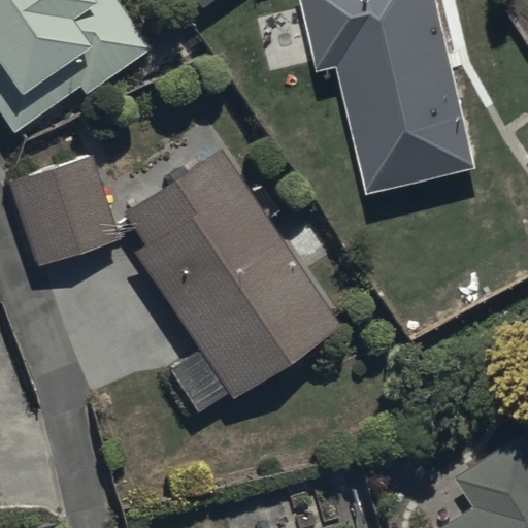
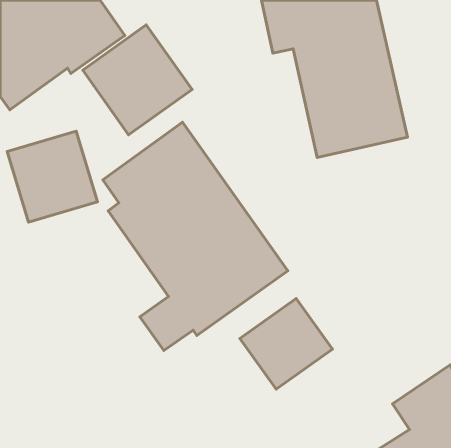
building: none -> [83,25,192,135]
building: none -> [240,299,333,389]

